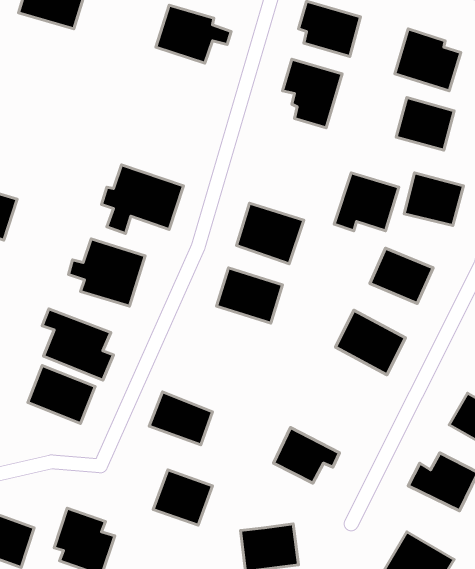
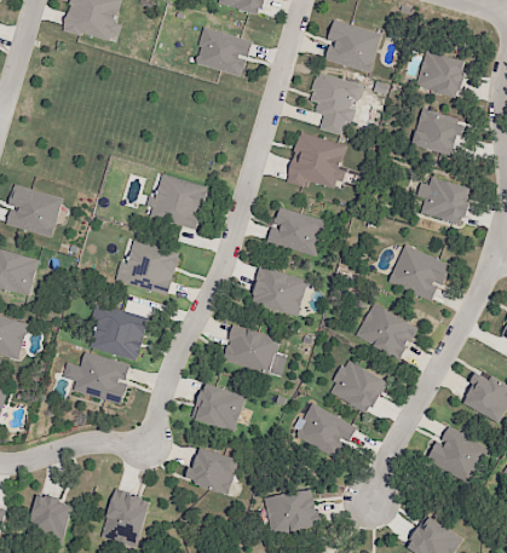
building: [334,173,399,231] -> [286,132,345,185]
building: none -> [215,321,277,378]
building: none -> [334,367,390,420]

